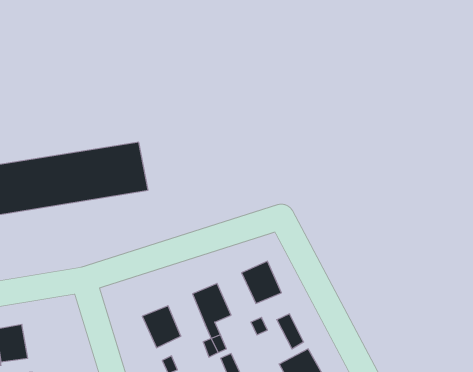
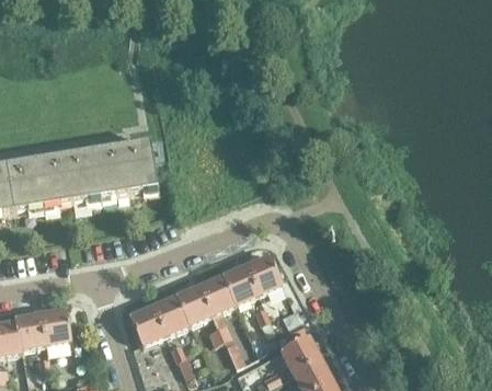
building: none -> [222,263,259,302]
building: none -> [176,283,211,322]
building: none -> [129,303,165,343]
building: none -> [39,307,71,343]

